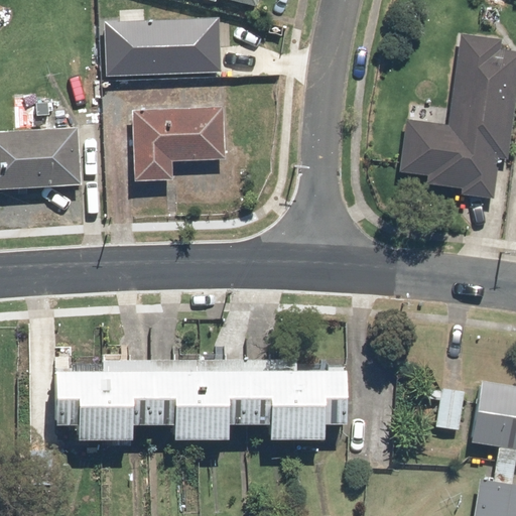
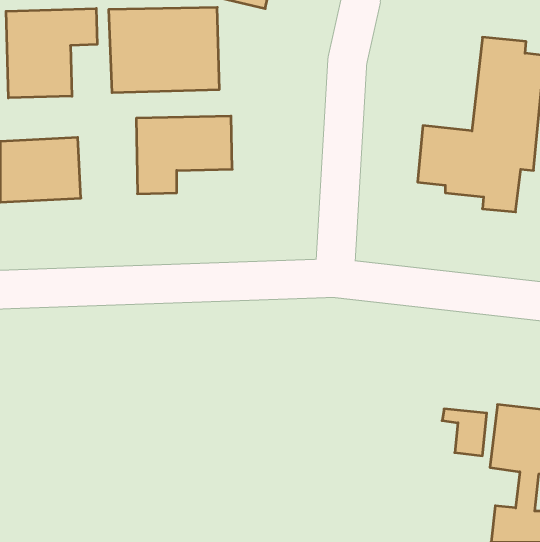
building: none -> [6,8,97,98]
building: [55,355,347,438] -> none

